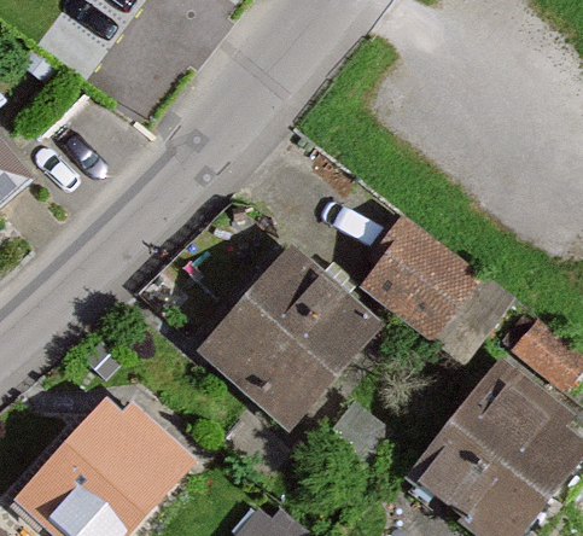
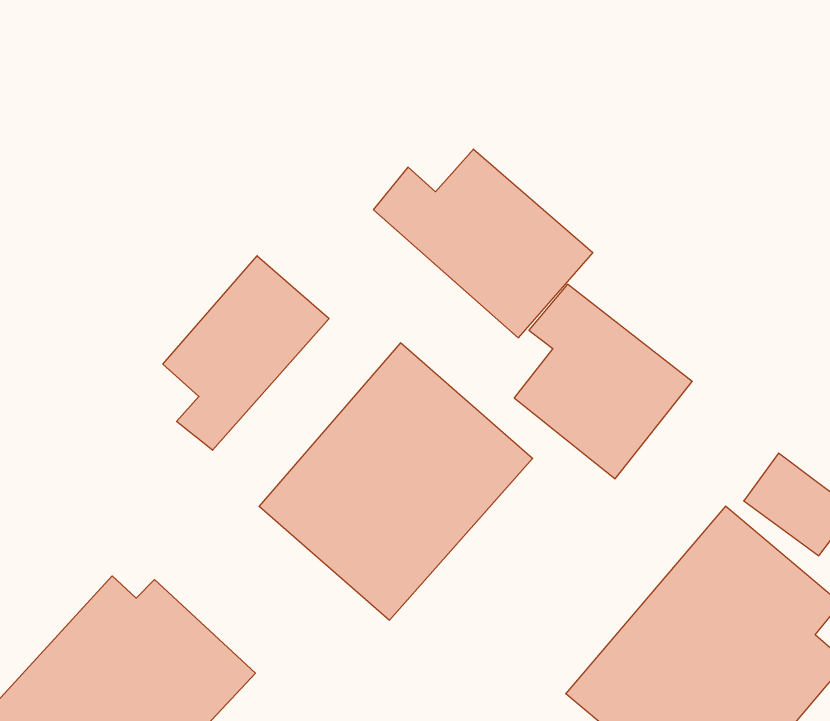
building: none -> [374,149,593,338]
building: none -> [163,256,329,450]

